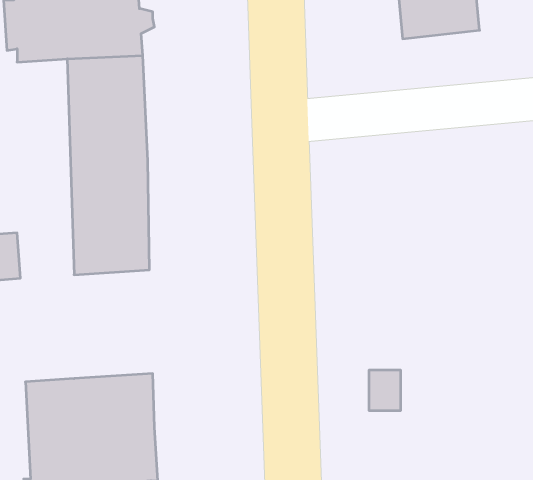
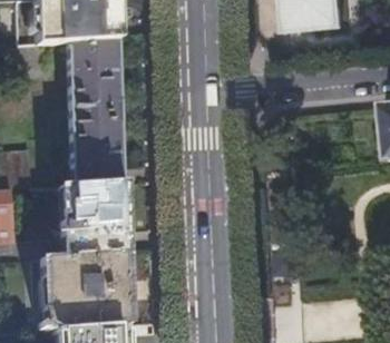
building: none -> [59,184,123,256]

